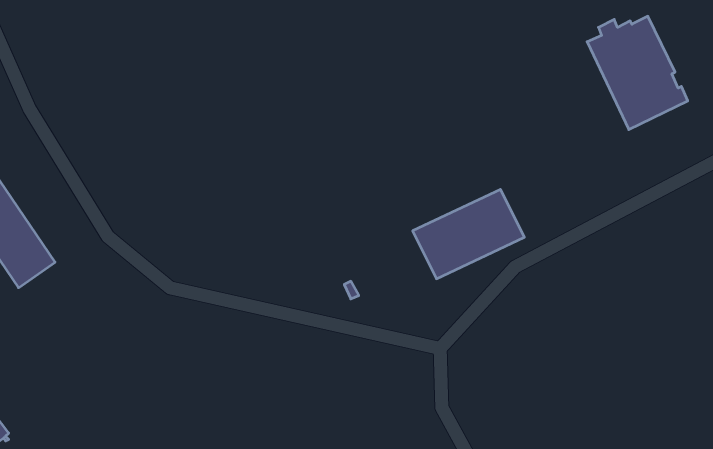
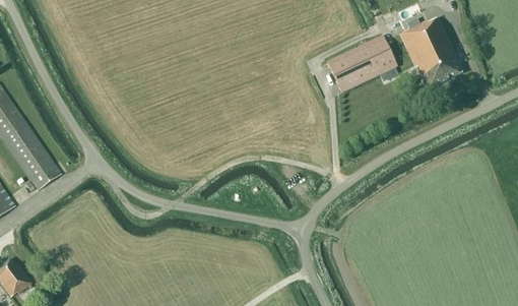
building: [413,189,524,279] -> [325,35,396,91]

